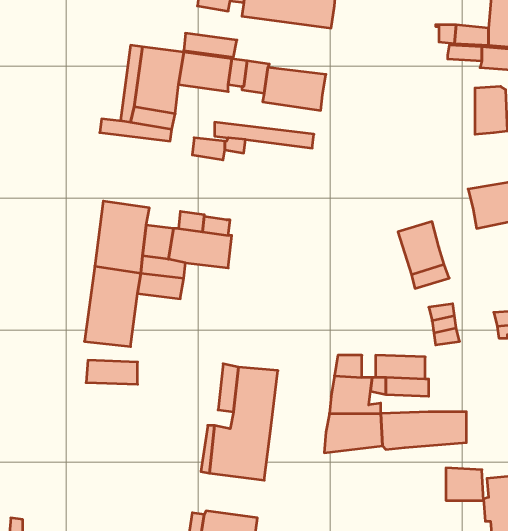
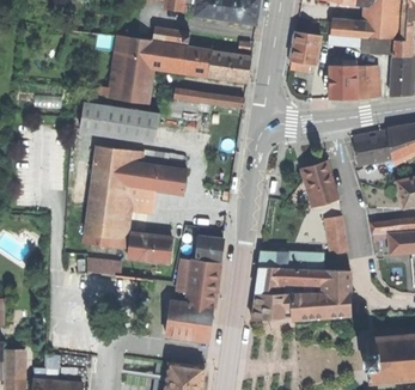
building: none -> [289,31,319,63]
building: none -> [329,65,356,98]
building: none -> [80,103,157,141]
building: none -> [127,232,172,262]
building: none -> [196,236,222,260]
building: [446,468,484,500] -> [324,269,350,292]

